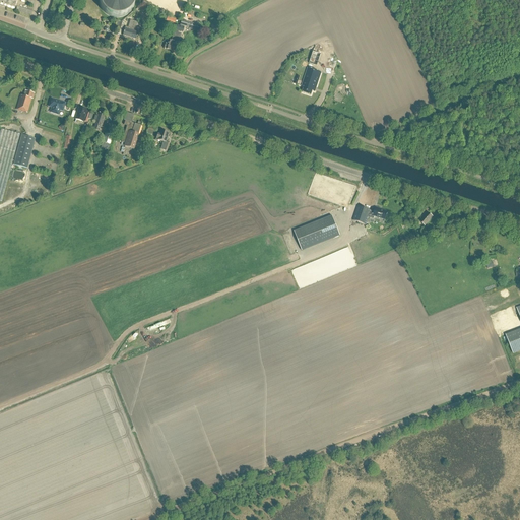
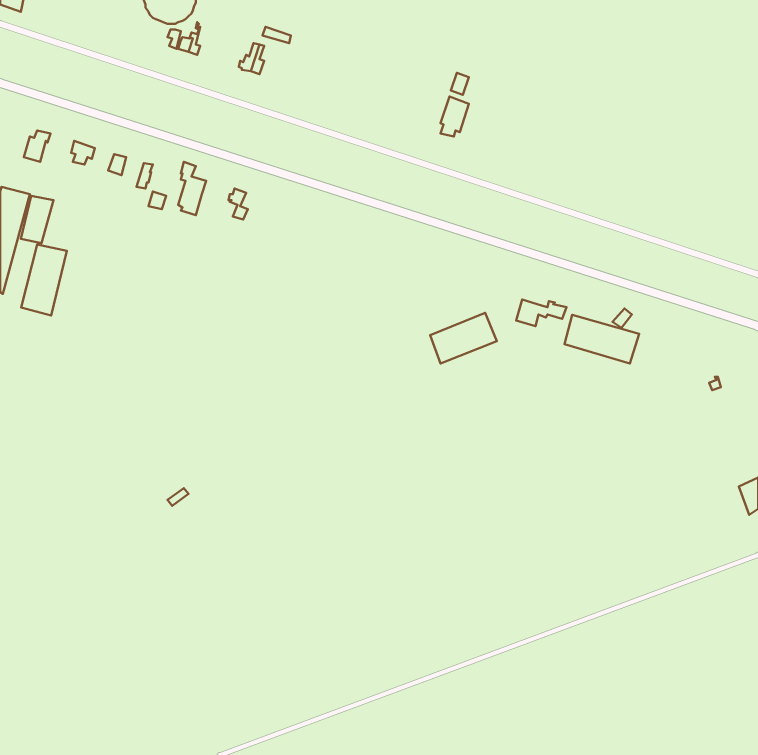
building: none -> [21,245,67,316]
building: none -> [564,315,639,363]

